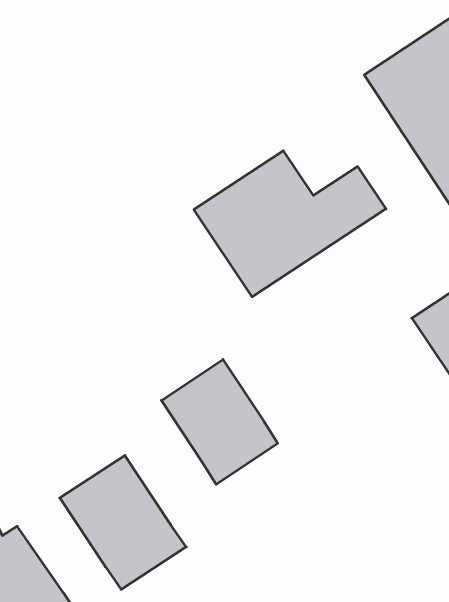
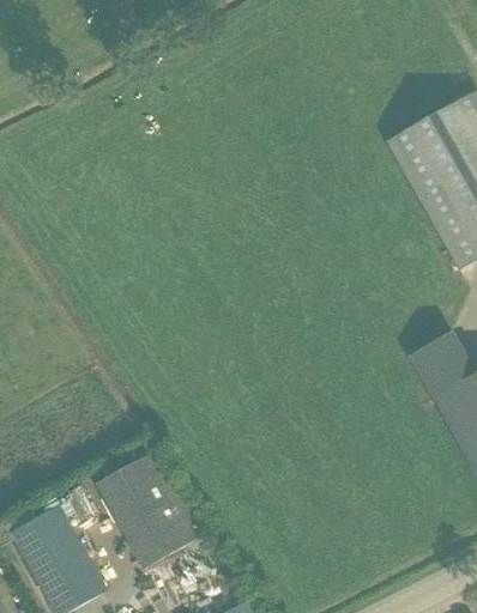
building: [194,151,386,297] -> none
building: [161,359,278,484] -> none

